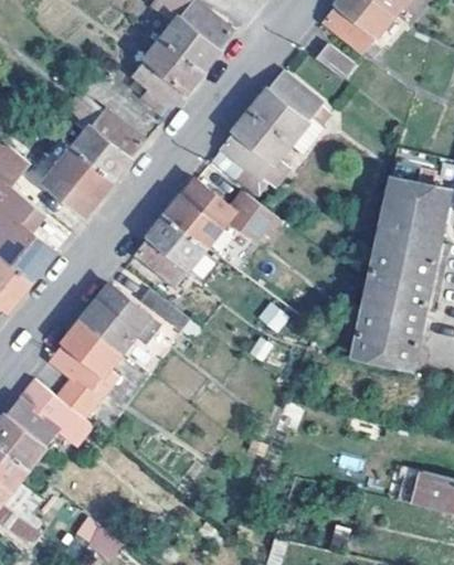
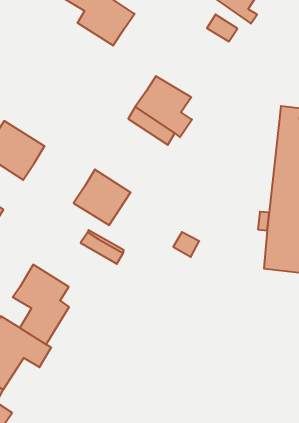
building: [136,38,204,114] -> none
building: [252,74,331,141] -> none
building: [64,107,142,181] -> none
building: [167,179,275,247] -> none
building: [81,285,161,352] -> none

